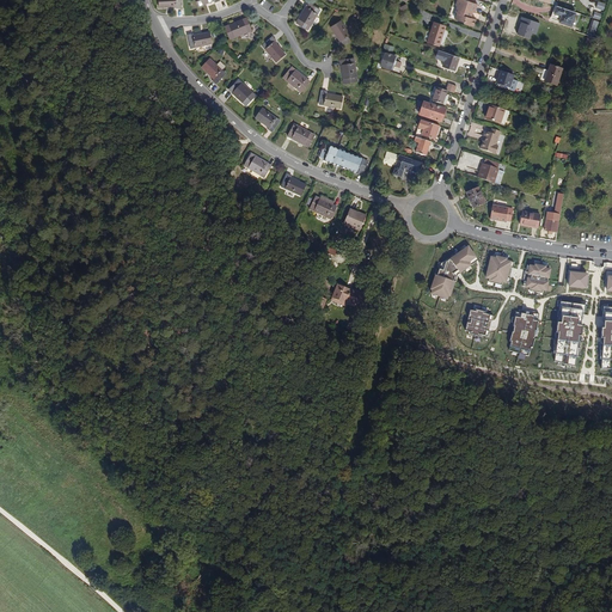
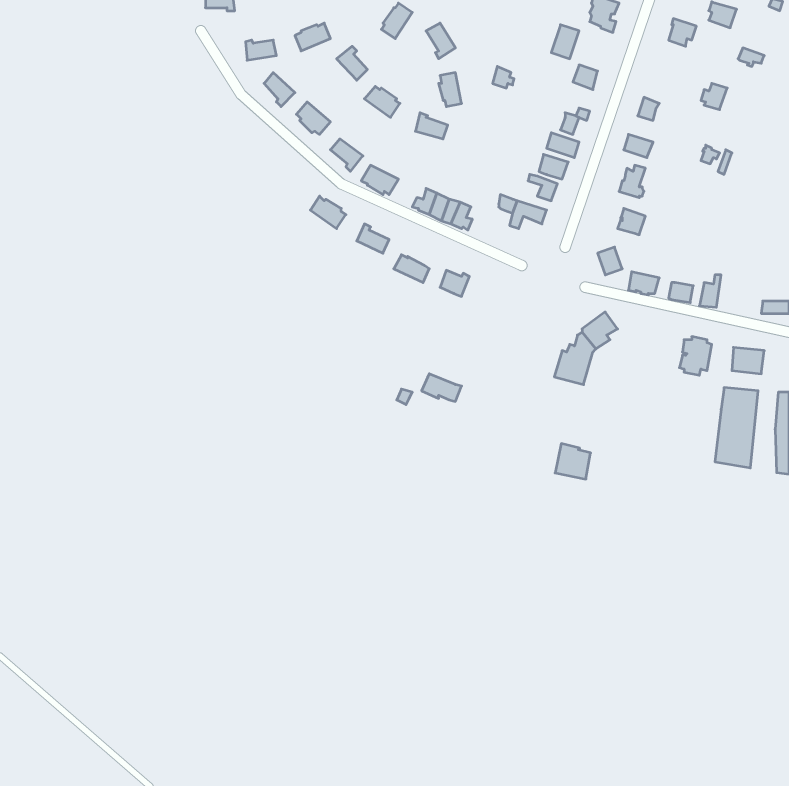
building: [486,252,512,282] -> none
building: [465,306,492,333] -> [555,444,591,479]
building: [512,306,541,349] -> none

